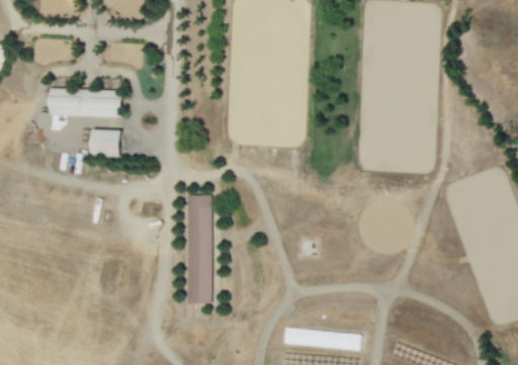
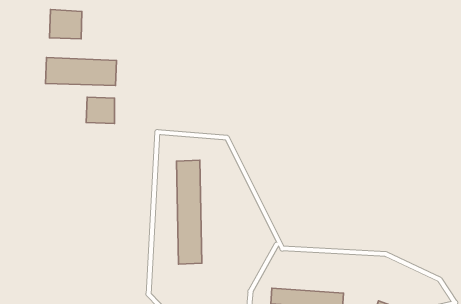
building: none -> [50,10,82,39]

